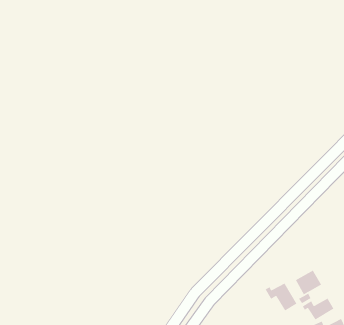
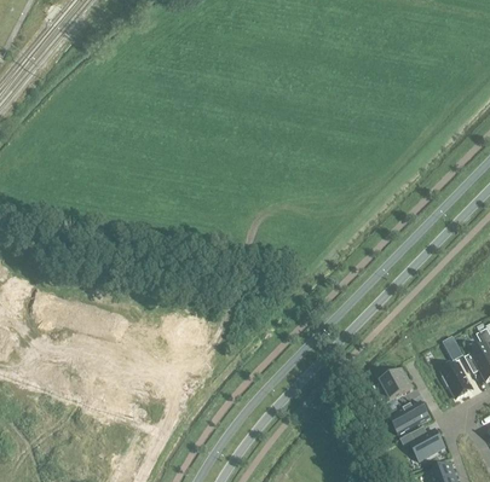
building: [265,283,297,311] -> none

